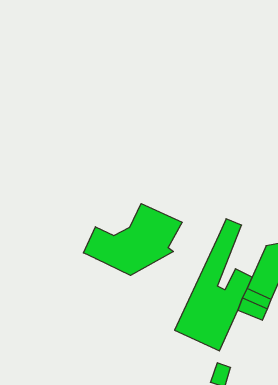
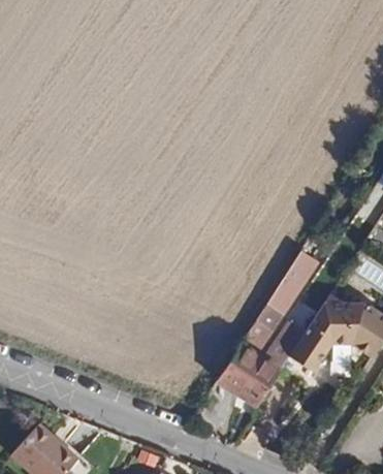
building: [83,204,182,275] -> none

